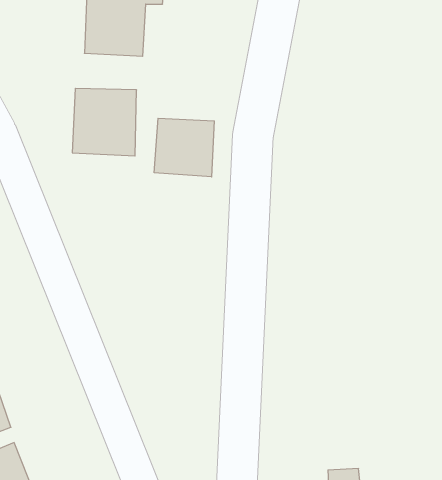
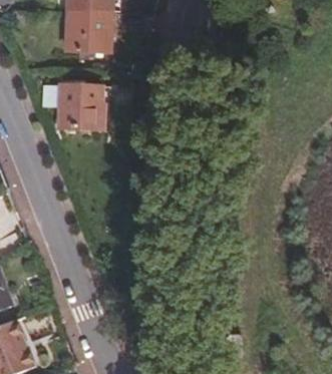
building: [154,118,214,177] -> none

